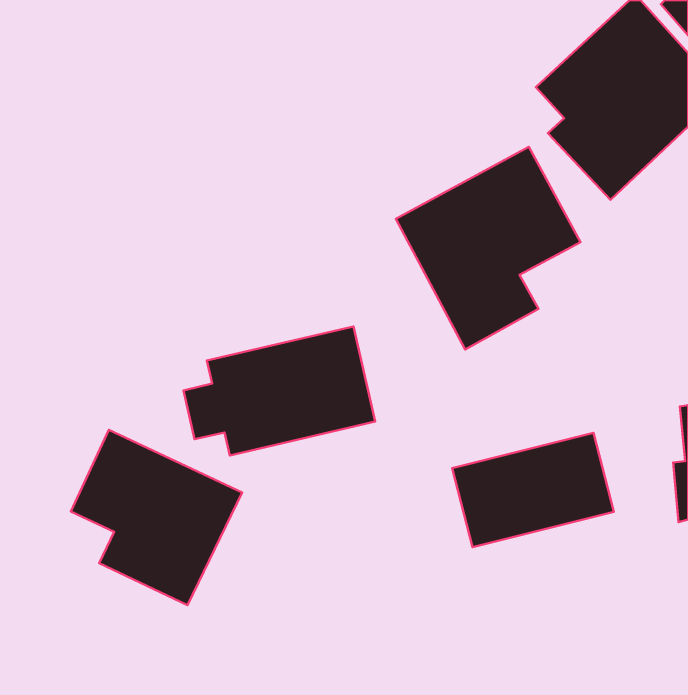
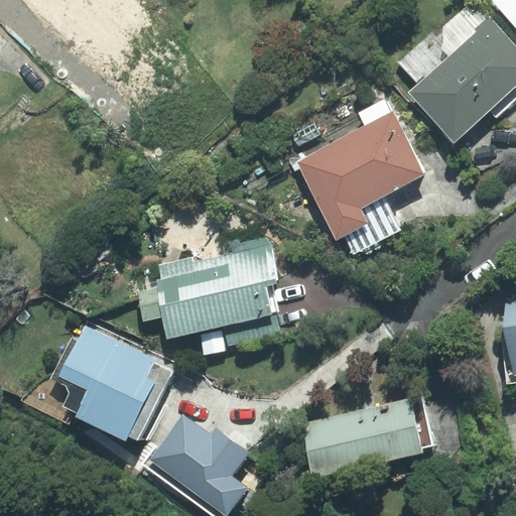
building: [452,433,614,547] -> [318,398,438,483]
building: none -> [151,409,252,510]

